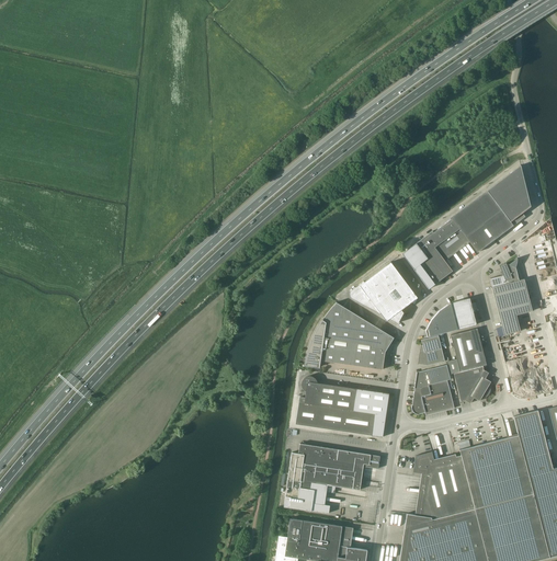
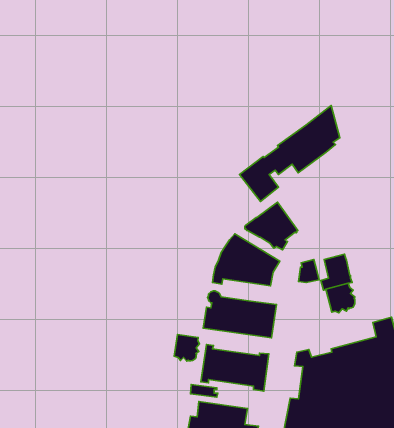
building: [402,165,532,289] -> [239,105,340,202]
building: [490,259,533,335] -> none
building: [427,298,477,336] -> none
building: [412,365,455,415] -> none
building: none -> [174,334,200,361]

